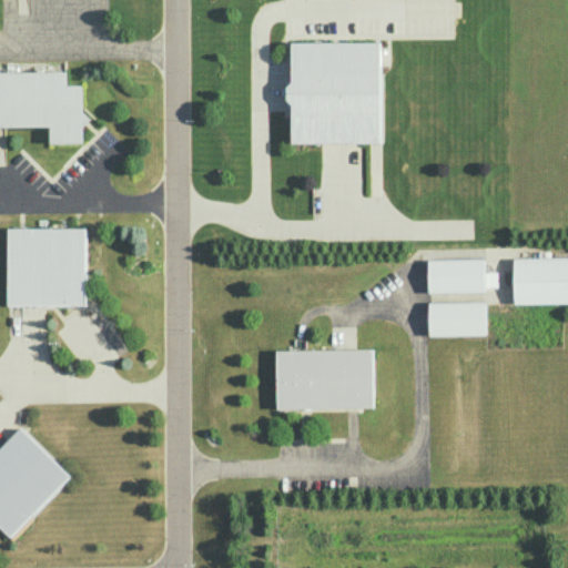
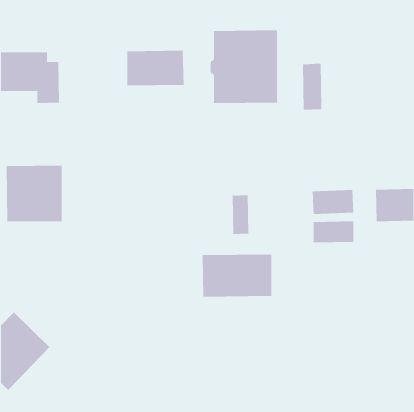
building: none -> [127,50,184,86]
building: none -> [303,63,322,111]
building: none -> [232,195,249,235]

